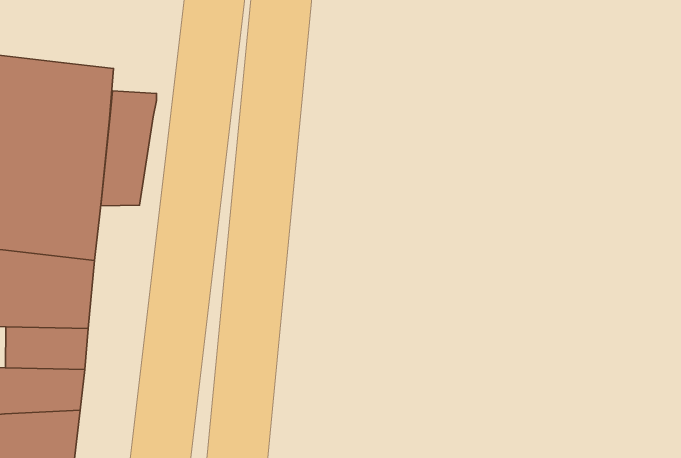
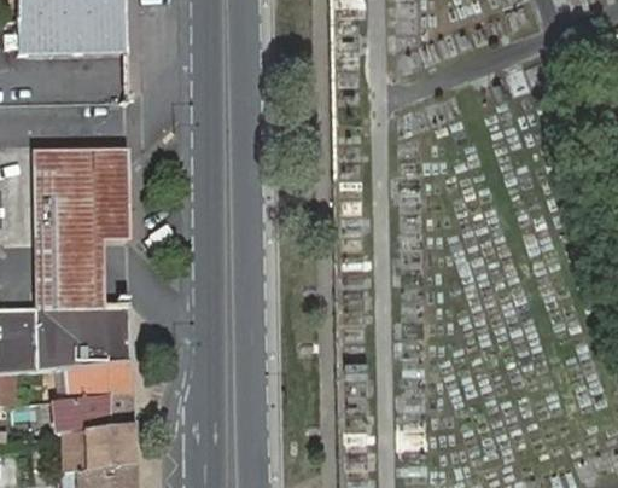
building: [101,91,157,206] -> none

